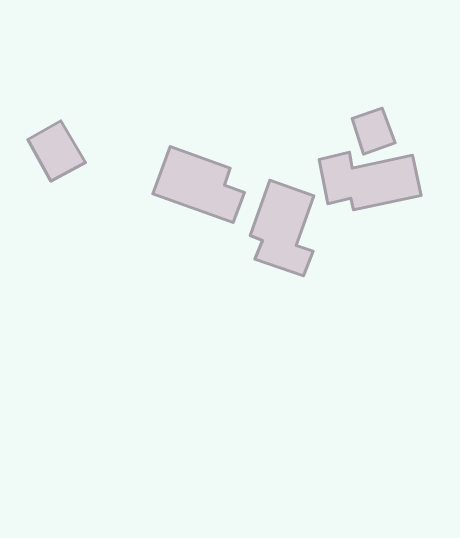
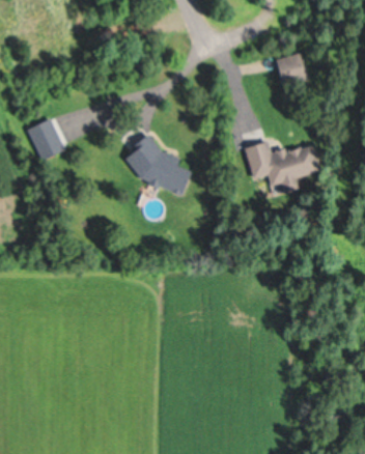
building: [352,108,395,154] -> [275,53,306,86]
building: [250,180,314,276] -> none

